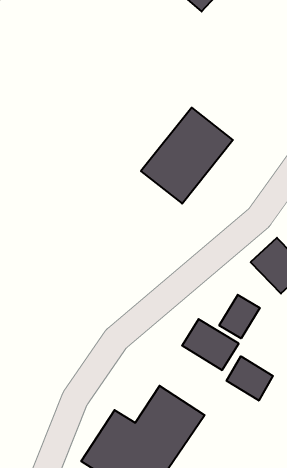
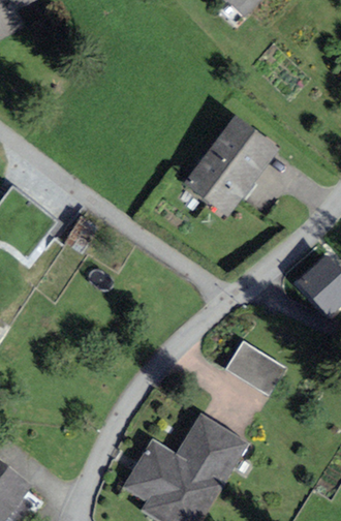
building: [219,295,260,338] -> none
building: [227,356,273,401] -> none

